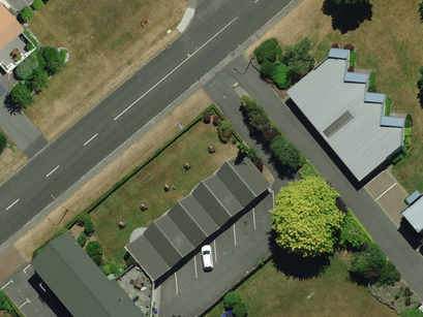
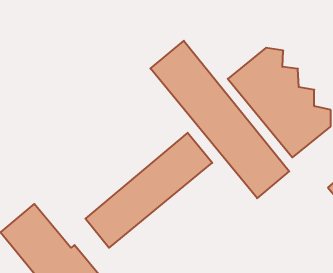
building: none -> [150,41,289,198]

